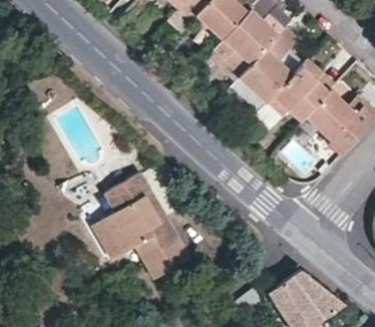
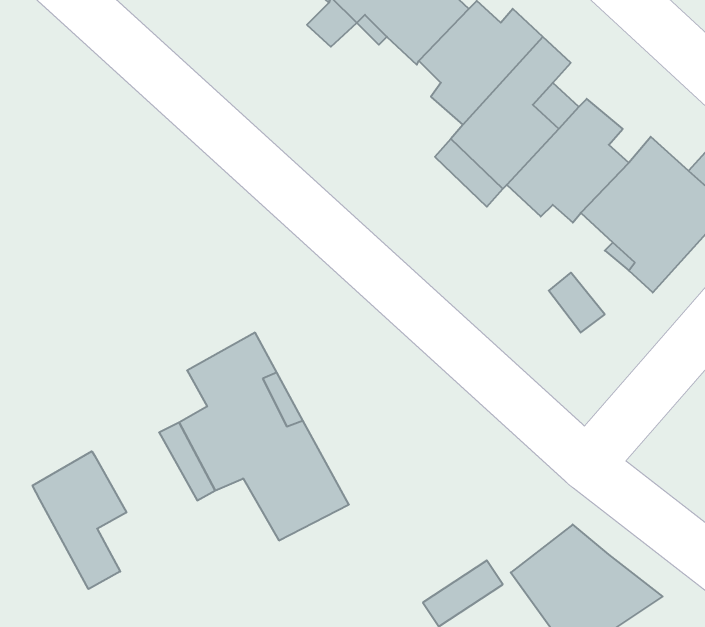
building: none -> [33,451,126,589]

